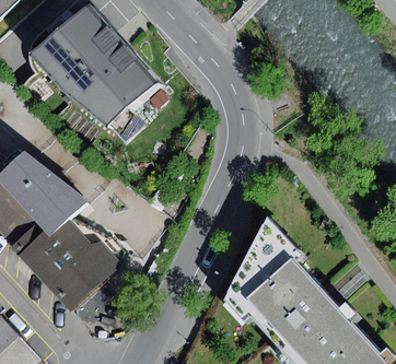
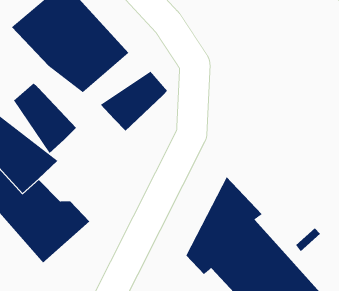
building: none -> [100,71,168,131]
building: none -> [13,82,77,154]

